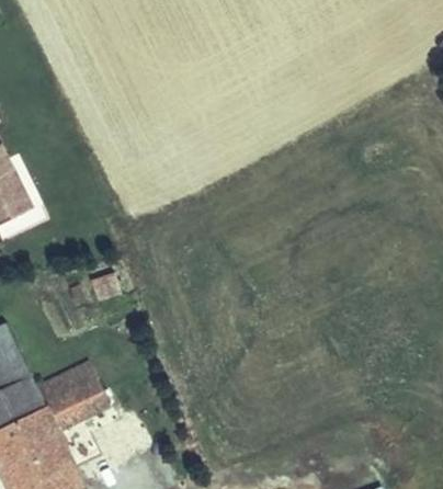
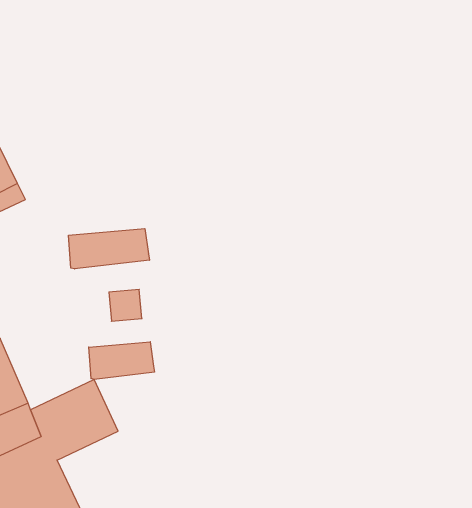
building: none -> [69,229,149,269]
building: none -> [89,342,154,379]

